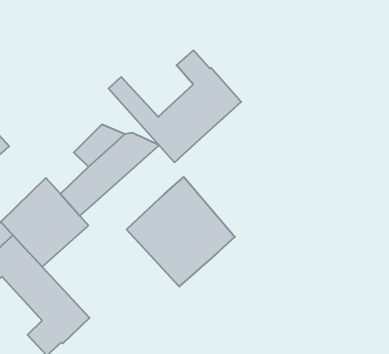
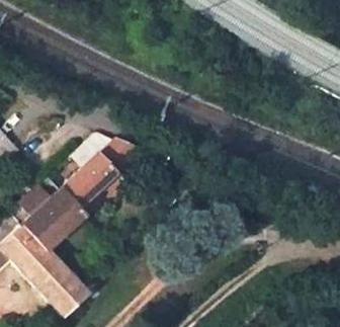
building: [109,50,241,162] -> none
building: [127,177,235,287] -> none

